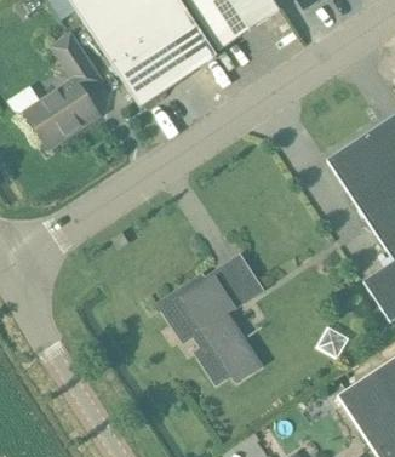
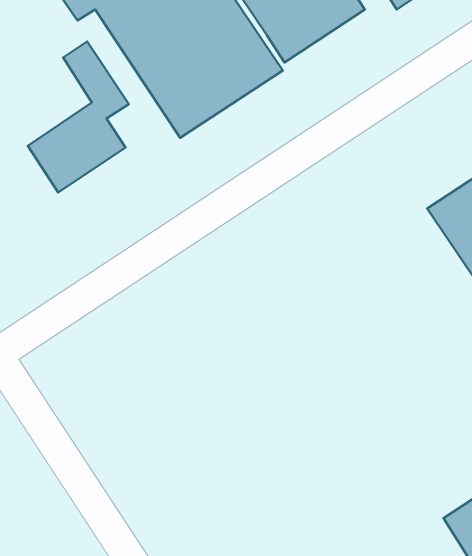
building: [160,255,262,382] -> none

